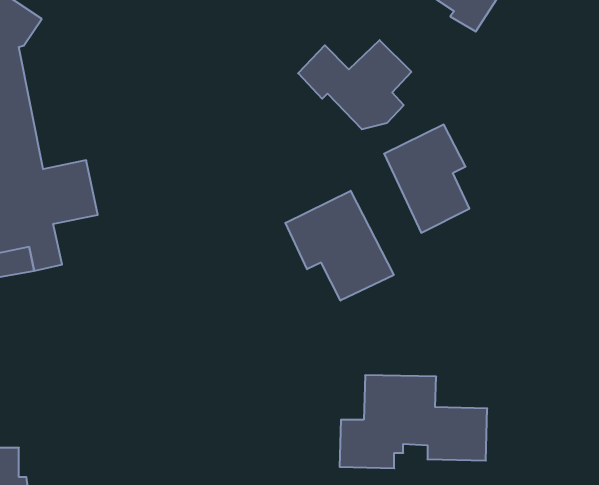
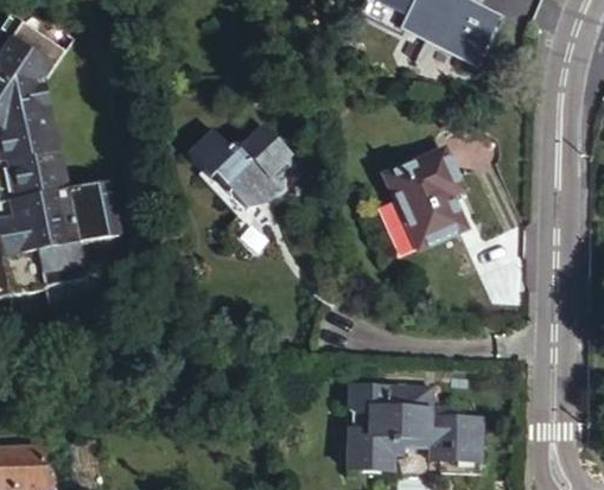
building: [298,40,411,129] -> [185,122,291,205]
building: [285,191,394,301] -> none

